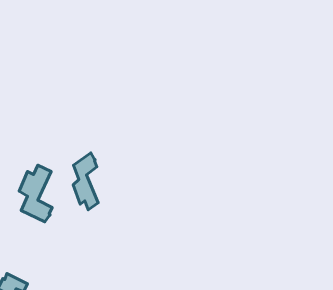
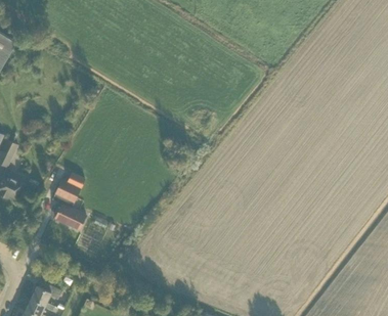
building: [73,153,98,210] -> none

